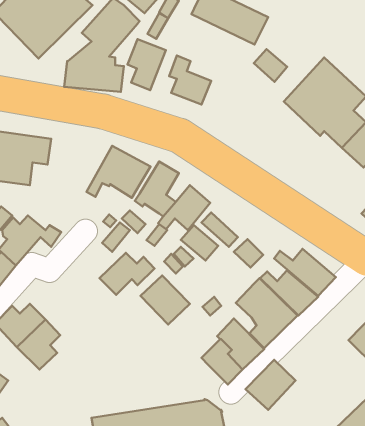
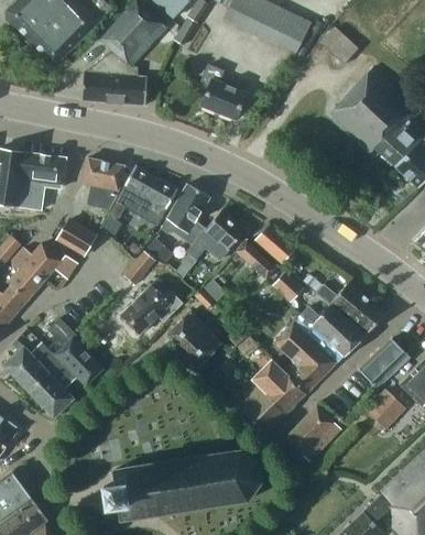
building: [127,39,166,90] -> none
building: [254,49,287,82] -> [320,29,358,65]
building: none -> [80,159,123,210]
building: none -> [55,218,97,259]
building: [181,225,218,261] -> [253,225,295,264]
building: none -> [47,318,102,385]
building: none -> [358,338,408,389]
building: none -> [364,390,404,429]

